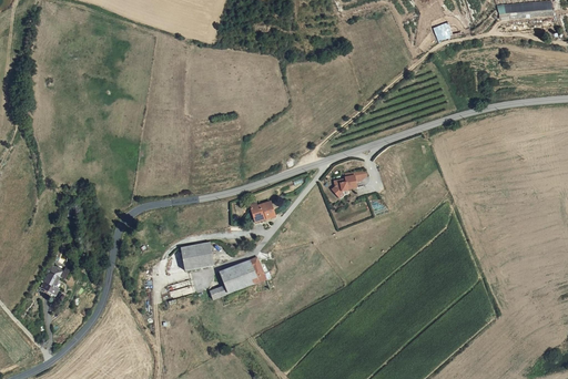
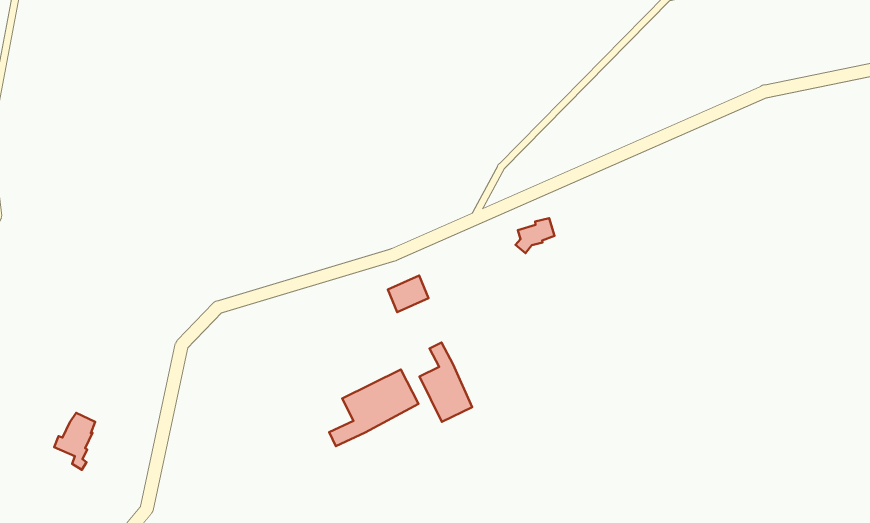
building: [180,240,214,270] -> none
building: none -> [420,343,472,422]

